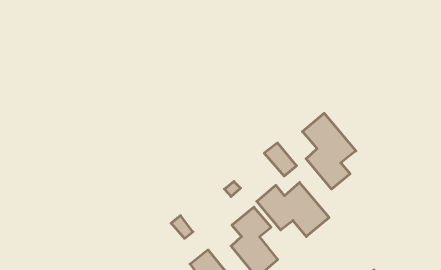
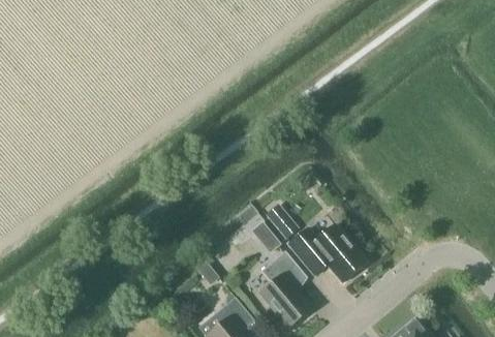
building: [302,113,356,189] -> none
building: [264,143,297,176] -> [264,203,299,239]

